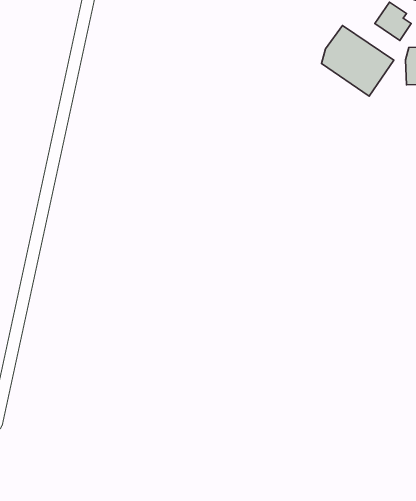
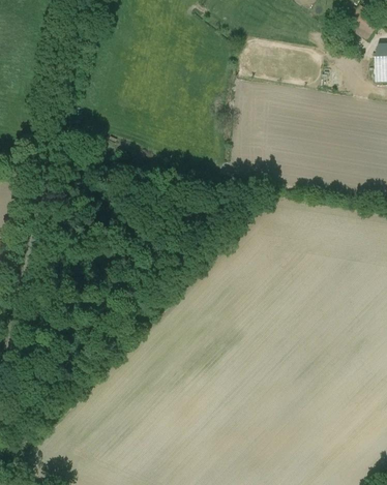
building: [321,25,394,96] -> none

